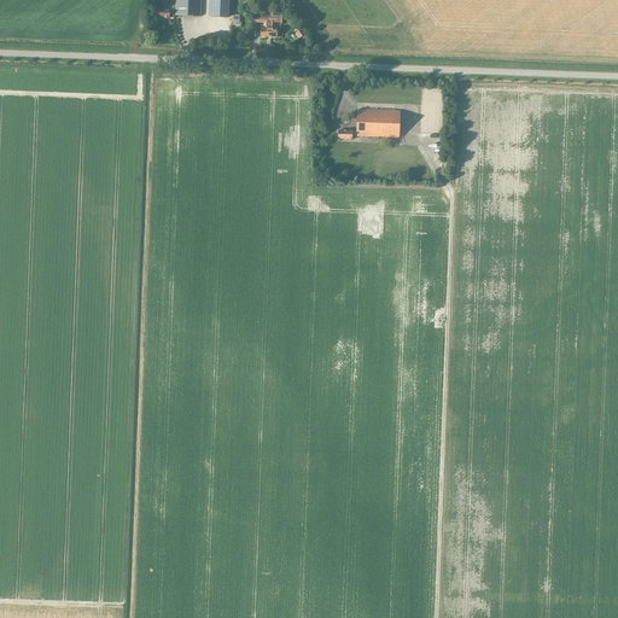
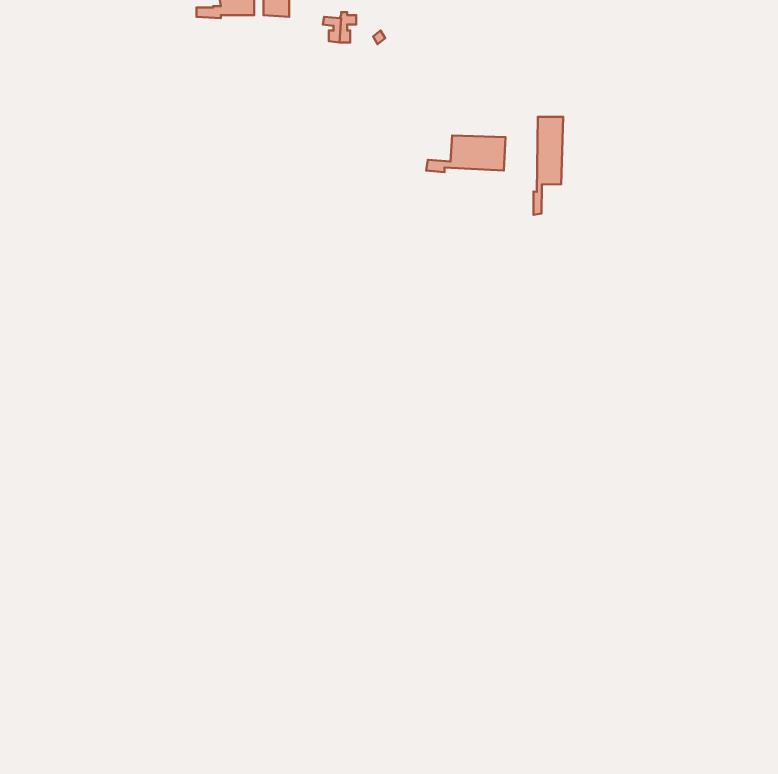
building: none -> [533,117,563,215]

